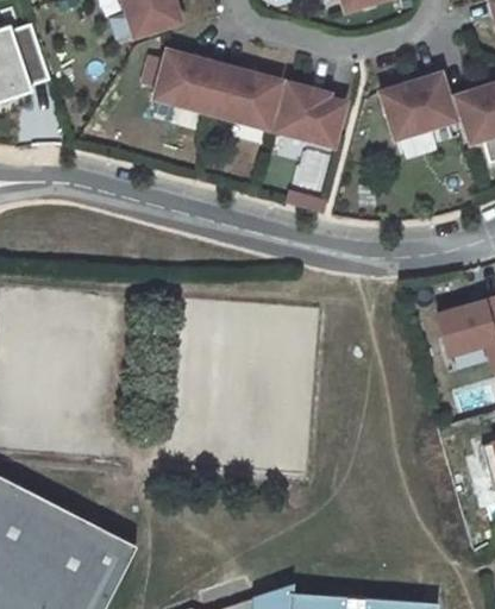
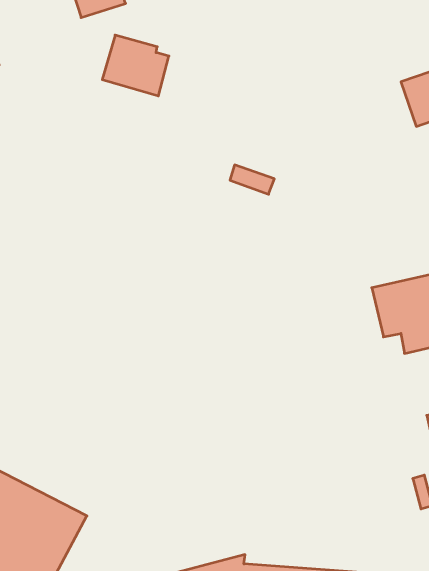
building: [209,74,280,132] -> none
building: [384,81,458,145] -> none
building: [275,88,343,150] -> none

